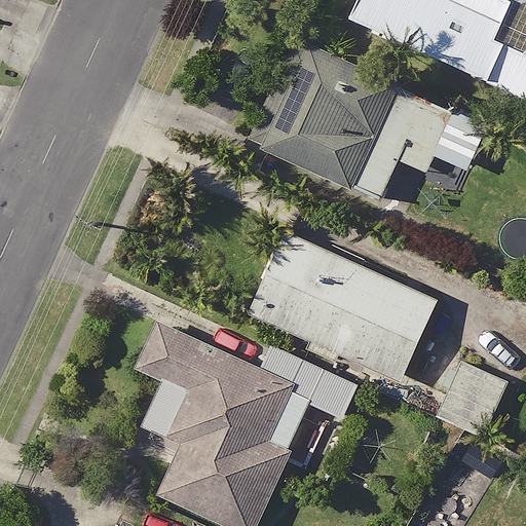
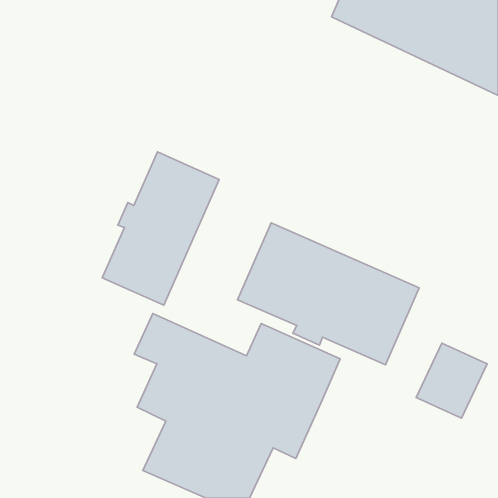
building: [248,42,486,199] -> none
building: none -> [102,152,219,305]

